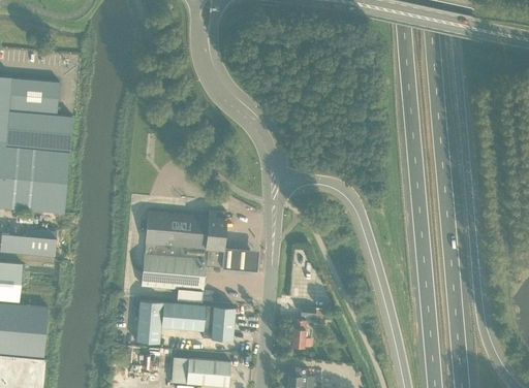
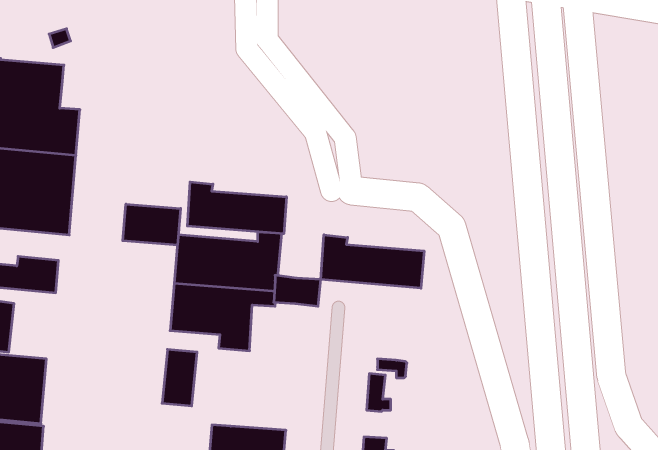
building: none -> [187,182,286,234]
building: none -> [123,204,181,245]
building: none -> [321,235,424,288]
building: [161,302,235,340] -> none

